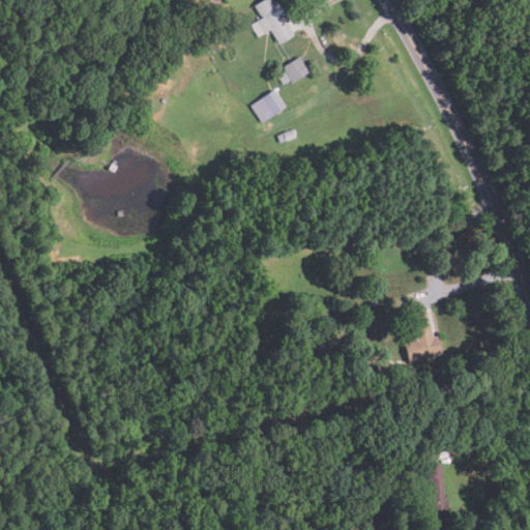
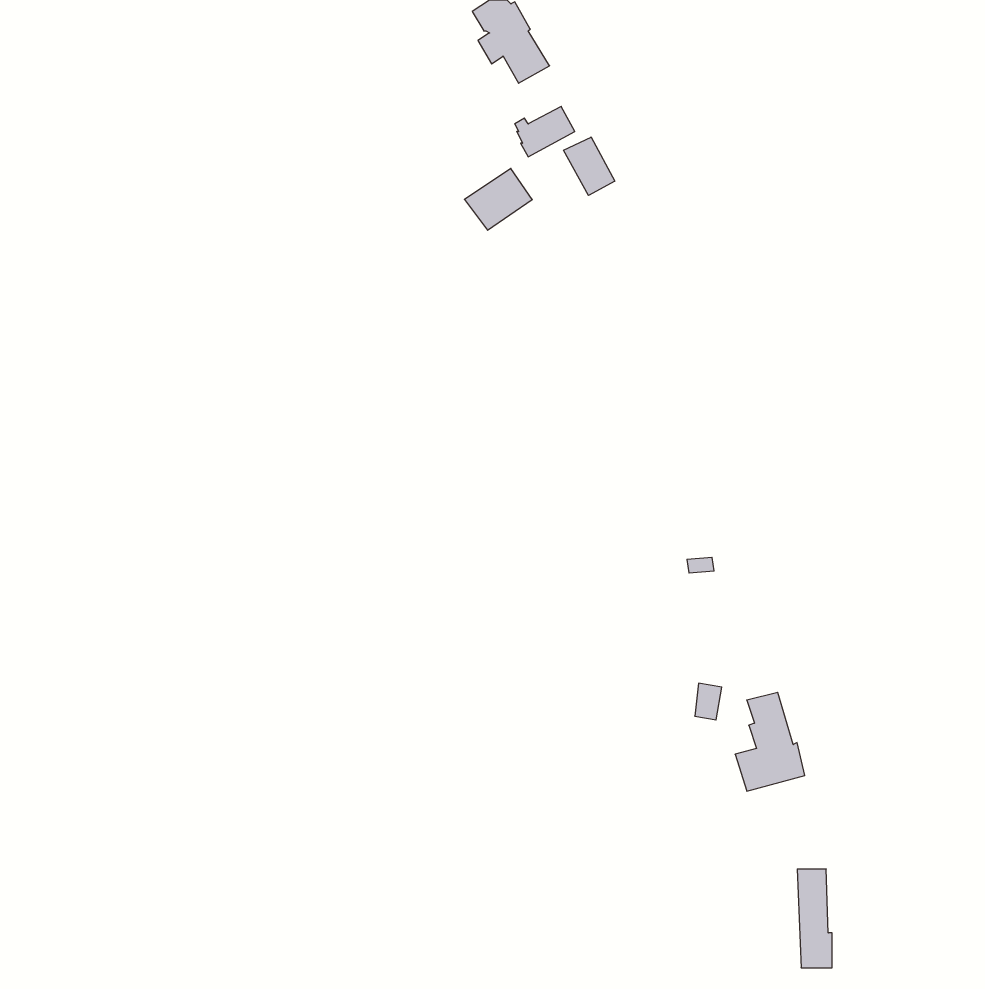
building: none -> [564,137,615,195]
building: [405,310,442,362] -> [735,692,805,791]

